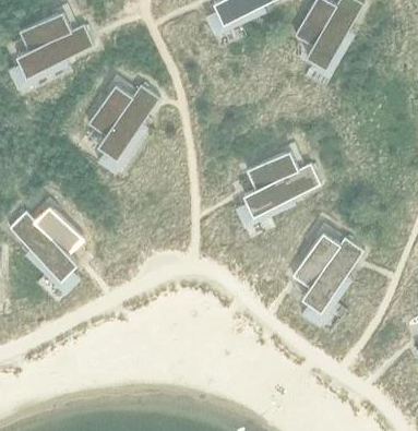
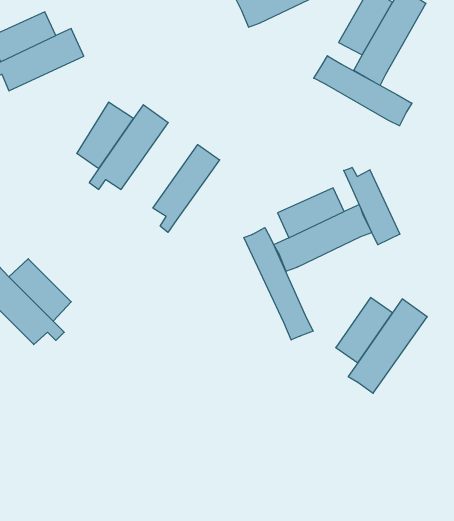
building: none -> [314,56,412,126]
building: none -> [153,145,220,232]
building: none -> [344,167,400,245]
building: none -> [244,228,313,340]

